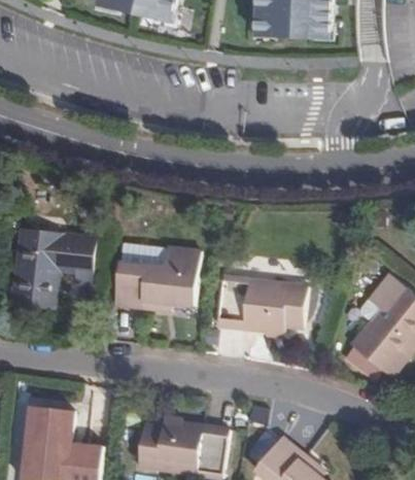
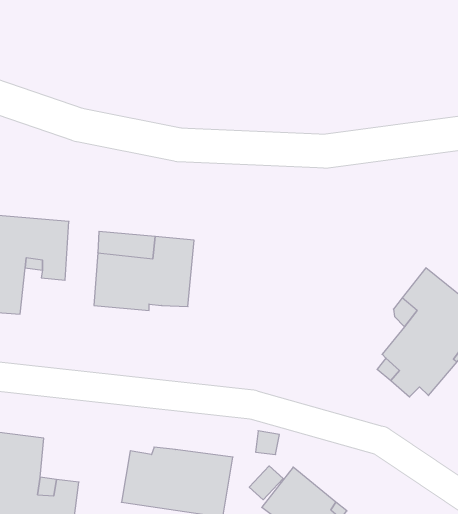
building: [214,276,304,331] -> none

